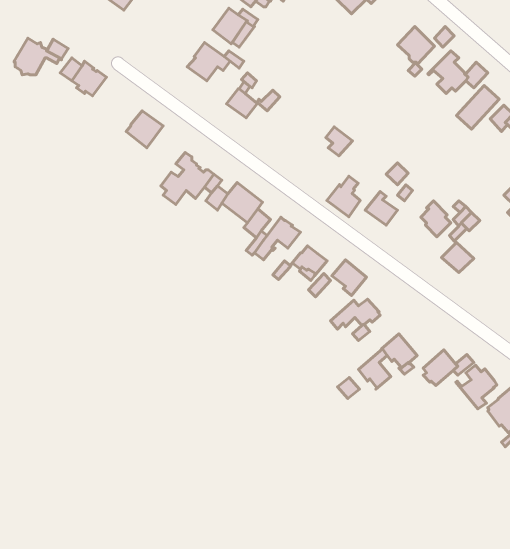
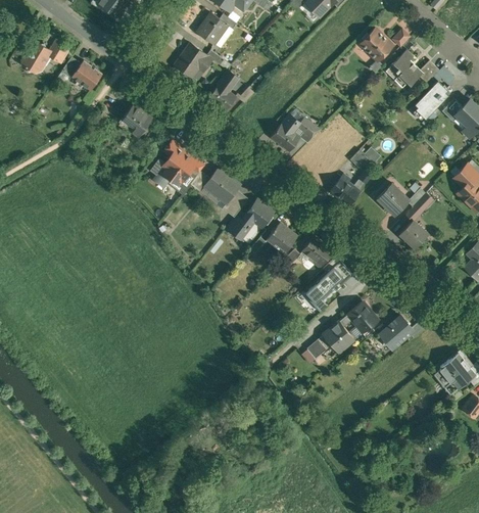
building: [327,176,360,217] -> [270,115,299,151]
building: [456,365,497,409] -> none

